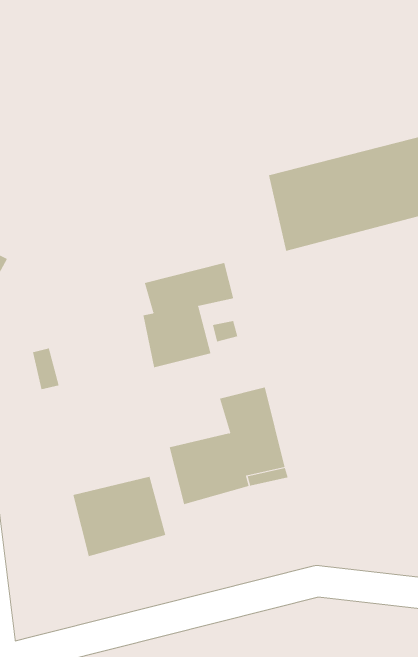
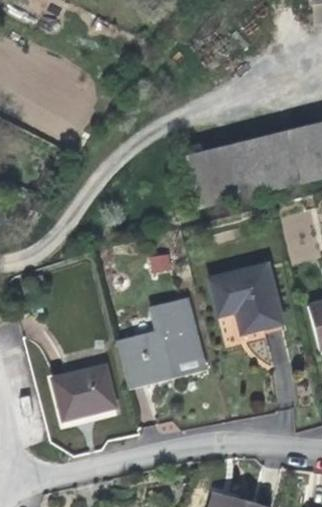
building: [143,262,234,368] -> none
building: none -> [207,263,283,332]

